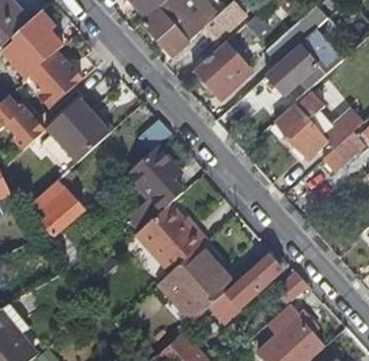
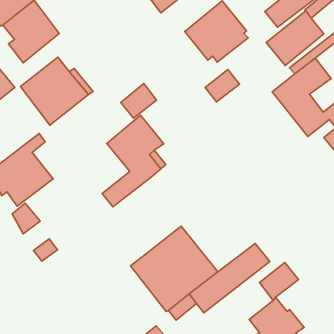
building: [136,202,208,272] -> none

